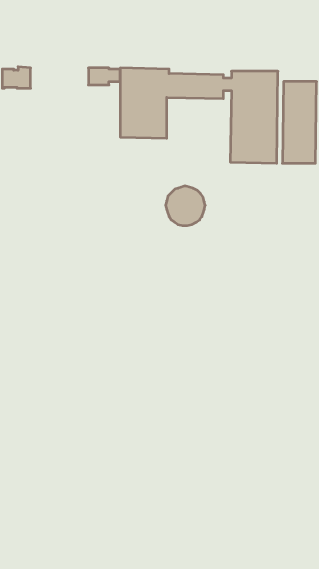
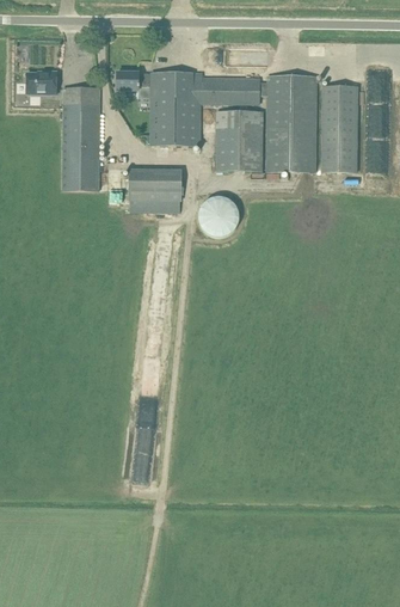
building: none -> [62,87,99,191]
building: none -> [215,111,264,171]
building: none -> [130,170,180,213]

